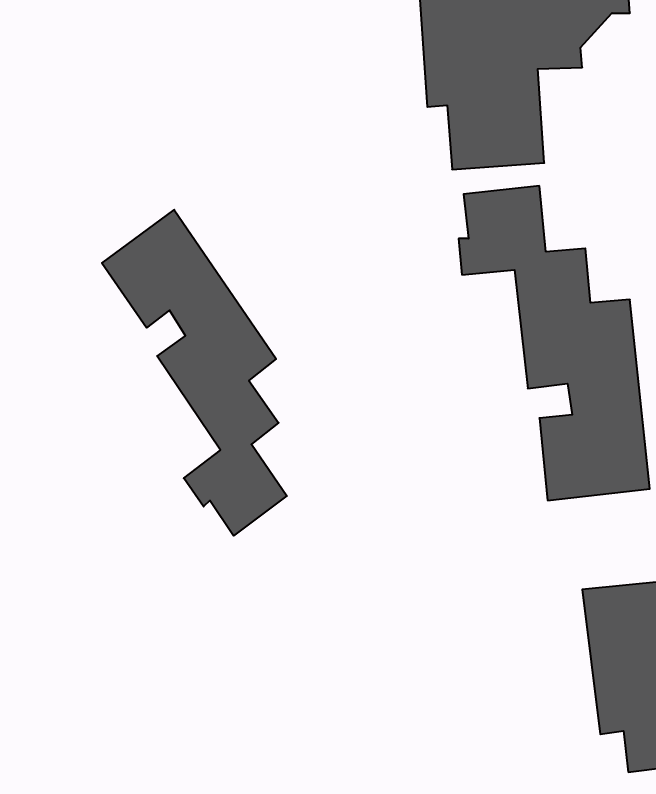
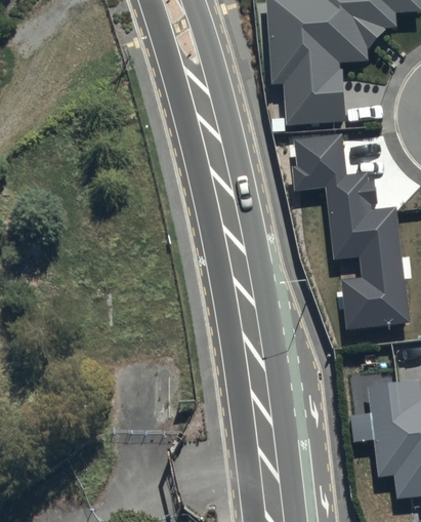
building: [102,210,287,536] -> none

